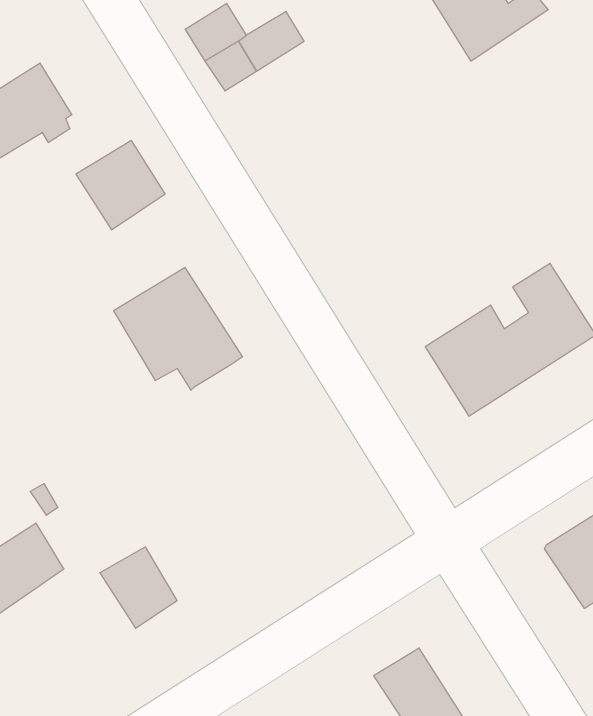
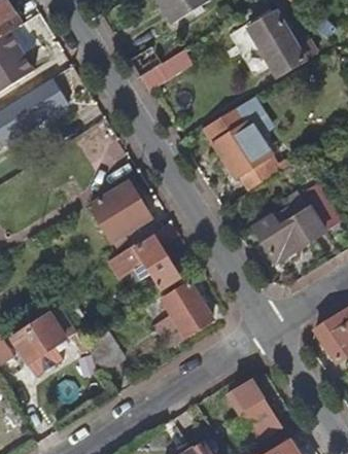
building: none -> [203,111,289,190]
building: none -> [109,221,179,289]
building: none -> [156,283,212,346]

